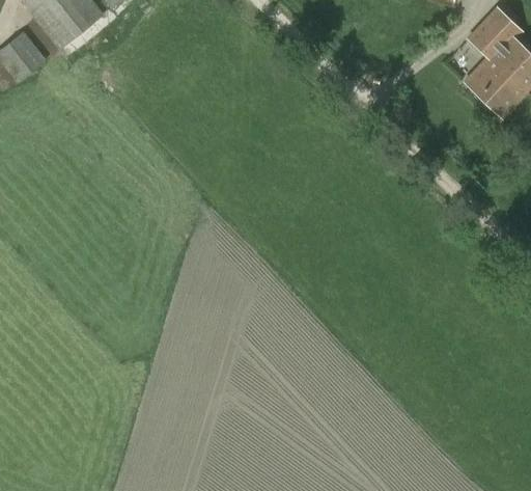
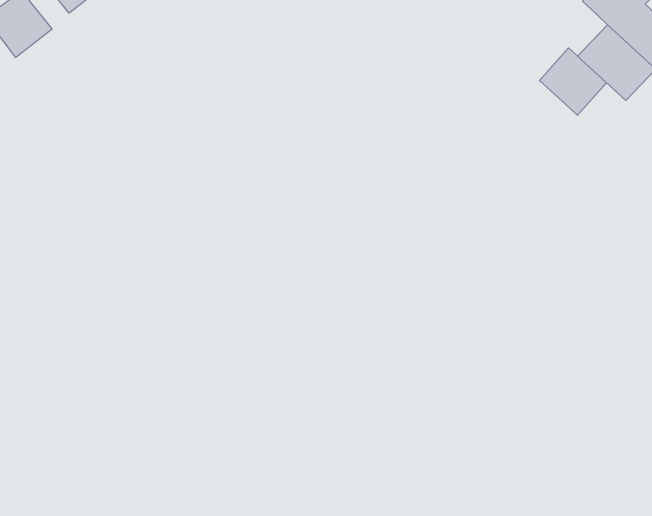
building: none -> [539,48,606,115]

